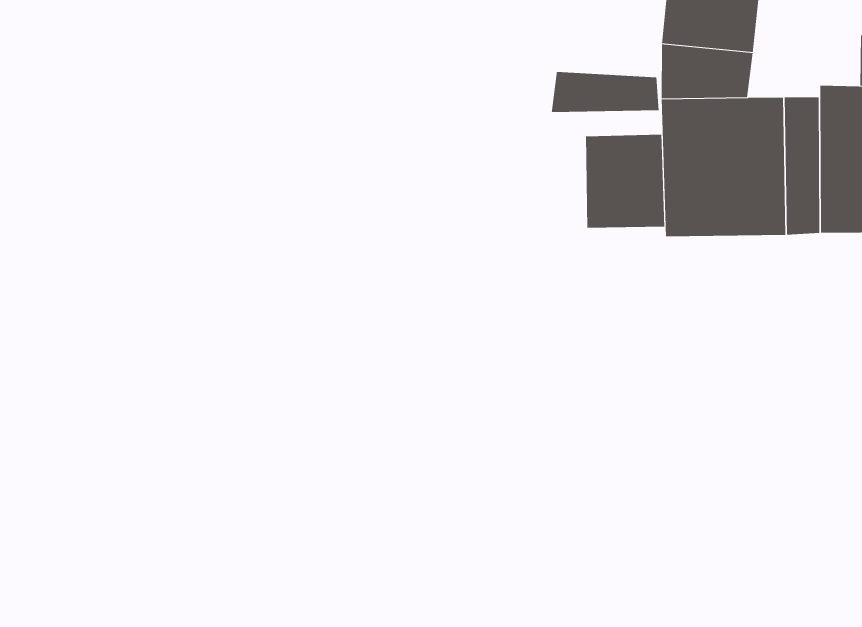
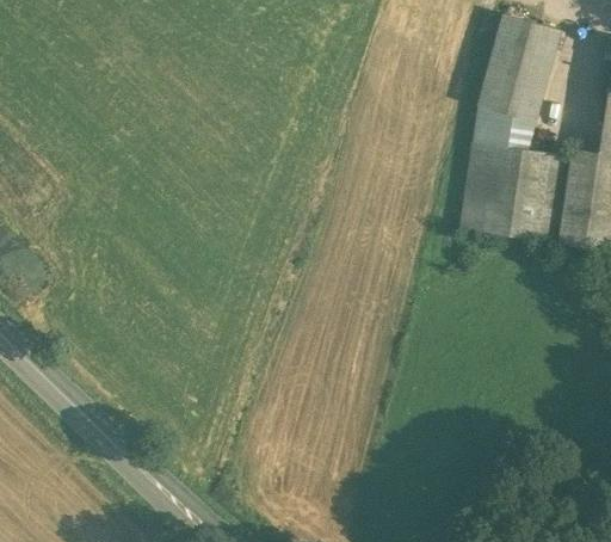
building: [551,71,659,113] -> none
building: [585,134,665,229] -> none

